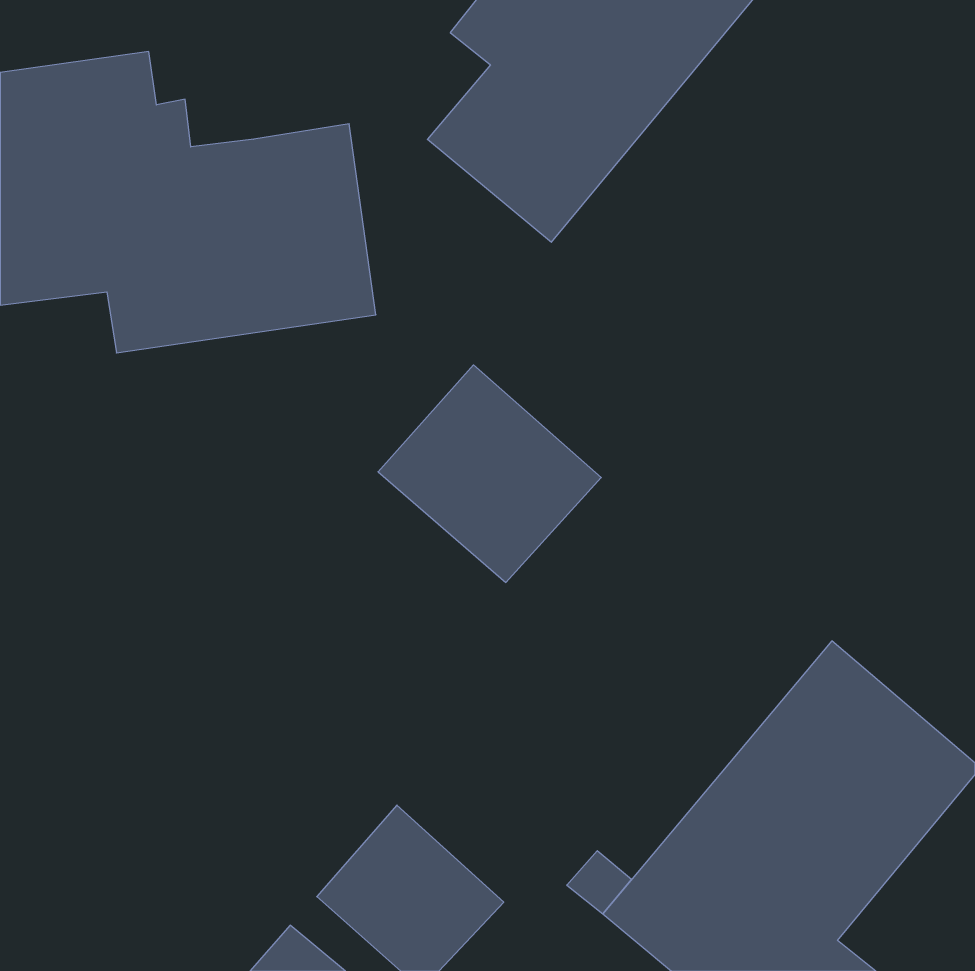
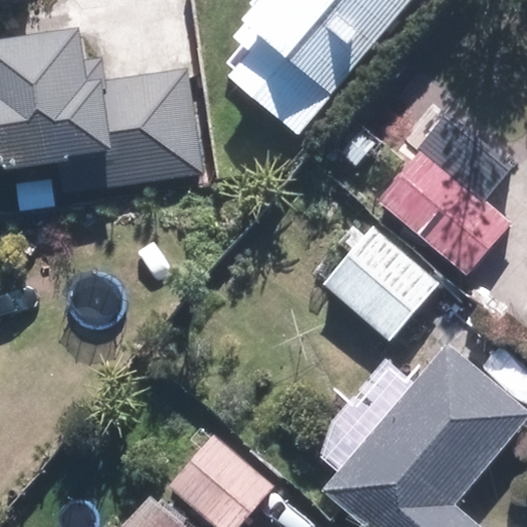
building: none -> [371,105,516,277]
building: [378,365,601,582] -> [319,224,440,342]

